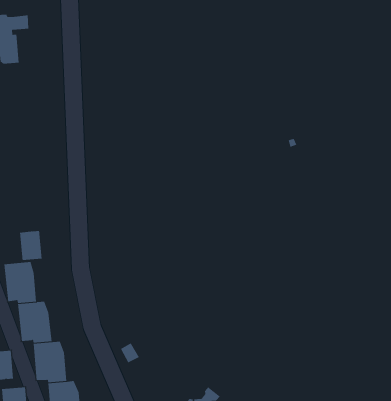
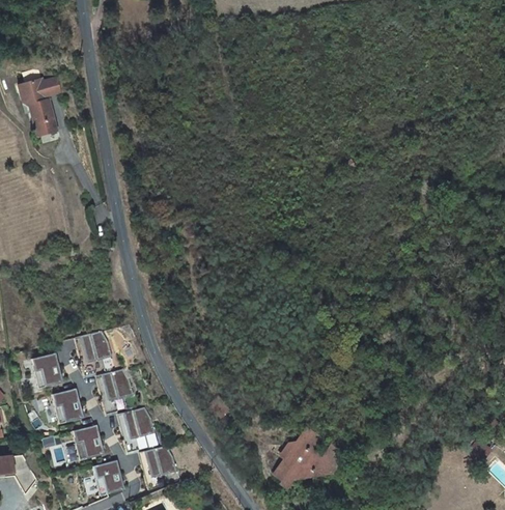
building: [19,230,42,261] -> none

